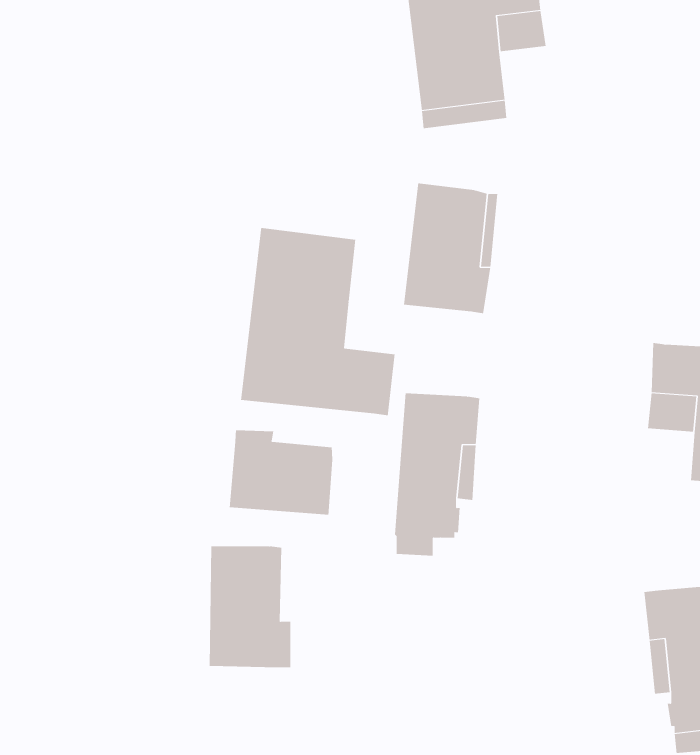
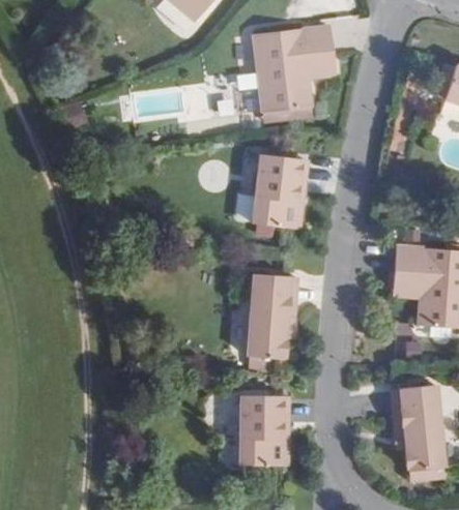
building: [240,227,395,416] -> none
building: [229,429,333,515] -> none
building: [209,546,291,668] -> [239,395,287,466]

